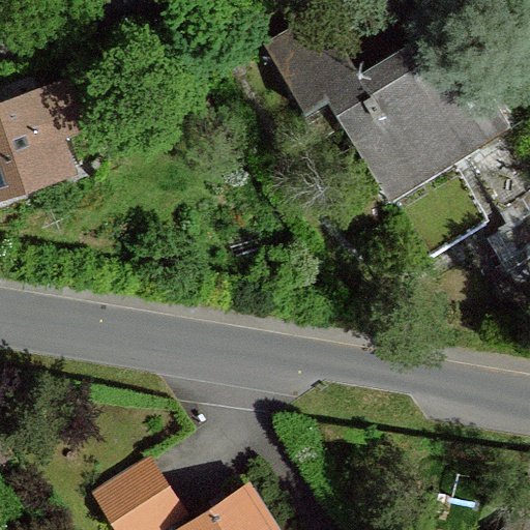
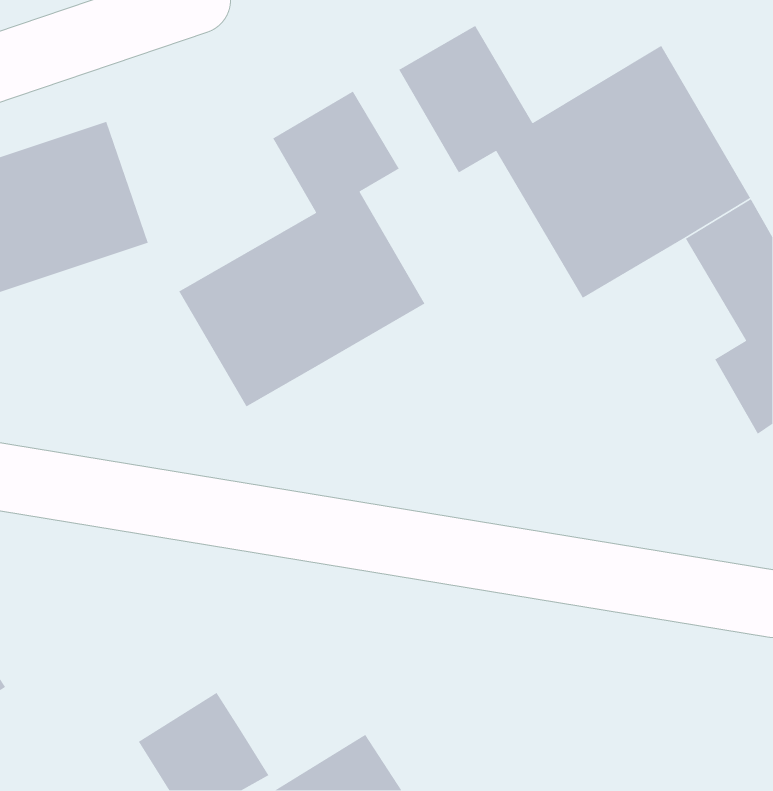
building: none -> [178,90,426,407]

